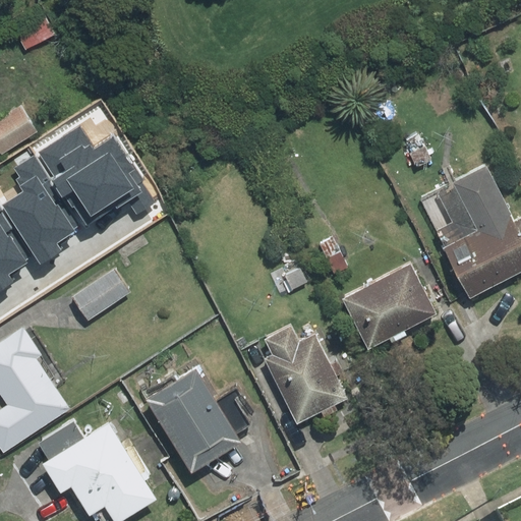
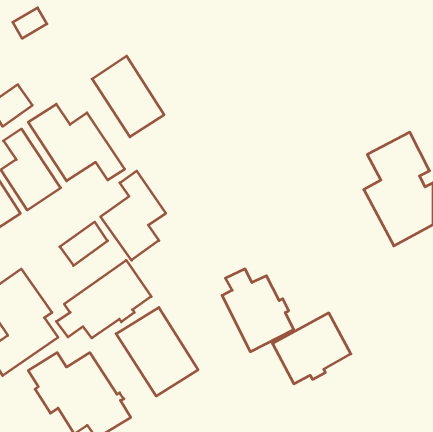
building: none -> [92,56,164,137]
building: none -> [101,171,166,260]
building: [344,263,438,347] -> [272,313,351,384]
building: none -> [56,260,151,338]

